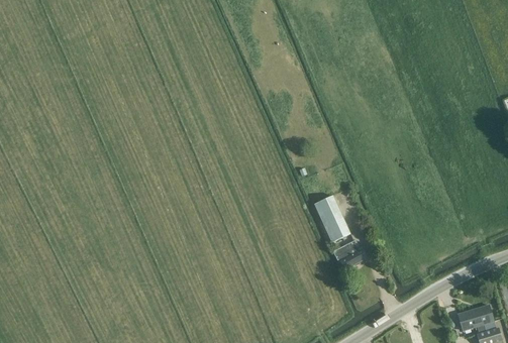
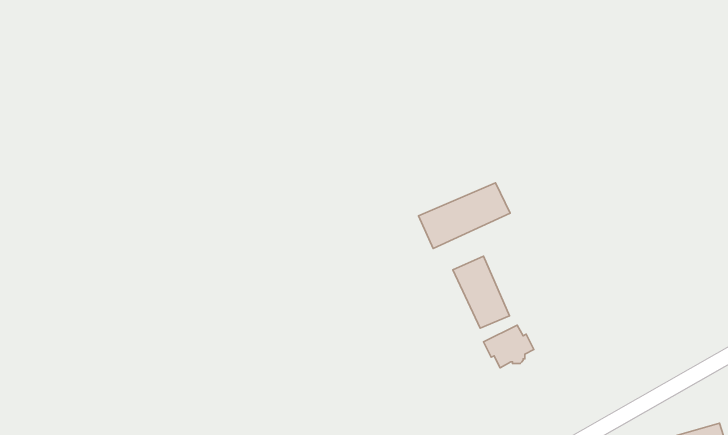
building: none -> [418,183,510,249]

